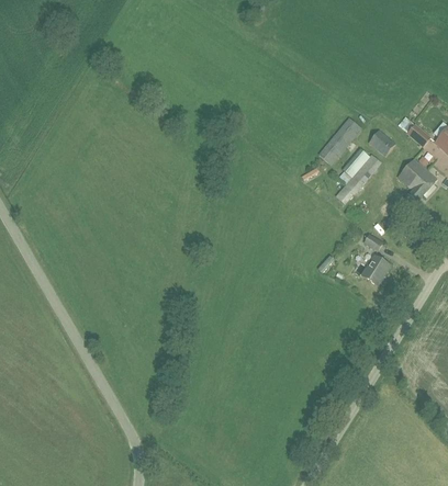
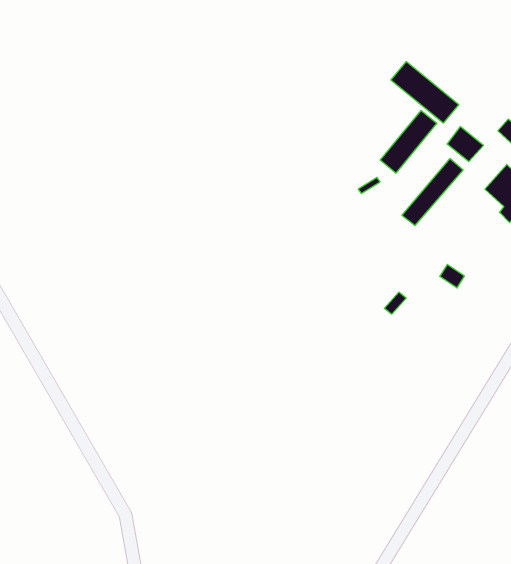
building: none -> [391,62,459,123]
building: [362,253,390,284] -> none

